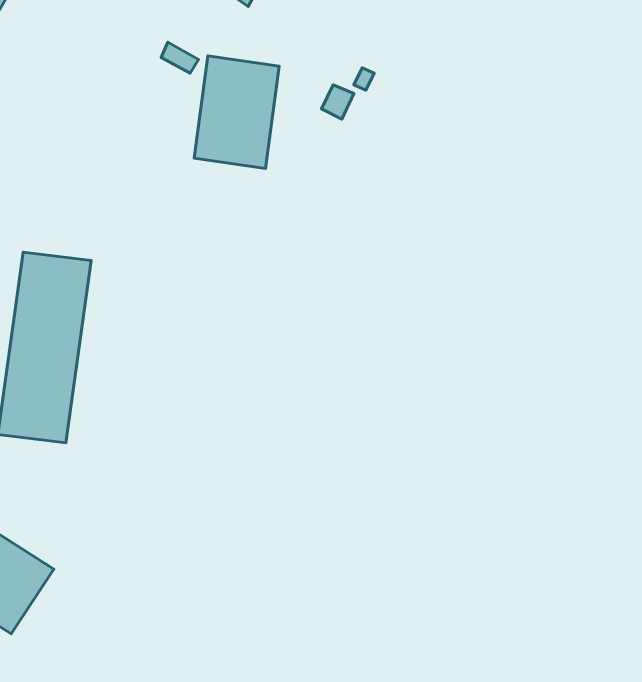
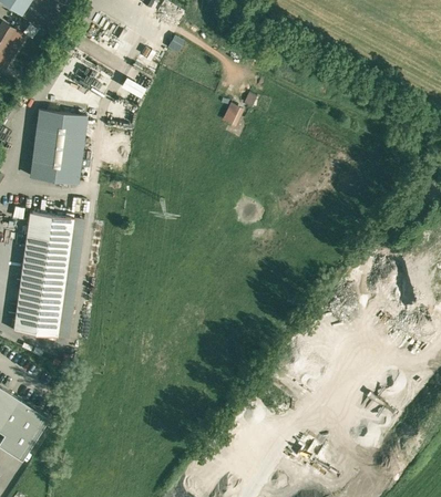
building: [194,56,279,168] -> [30,110,85,183]

